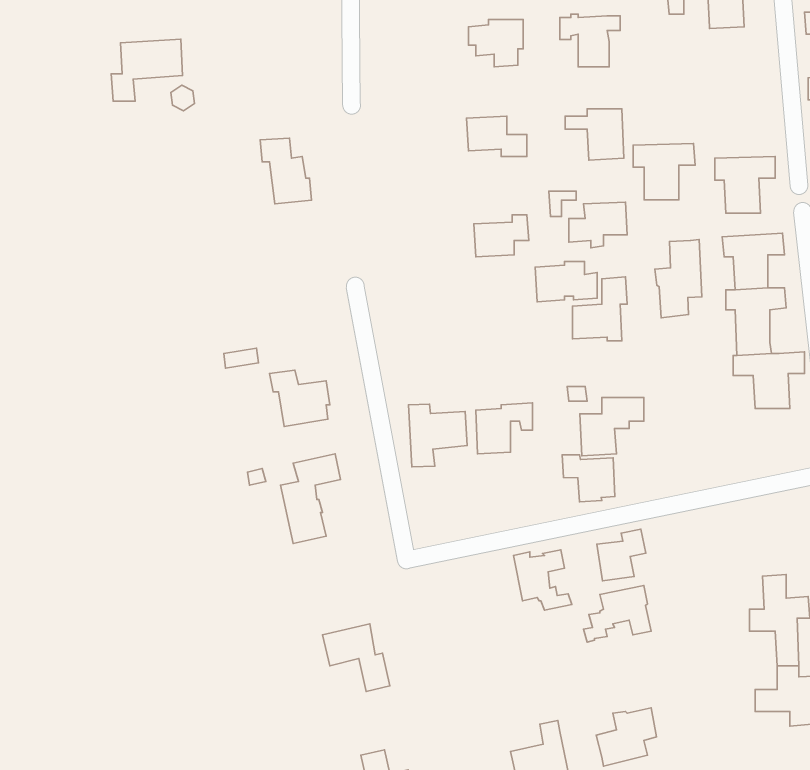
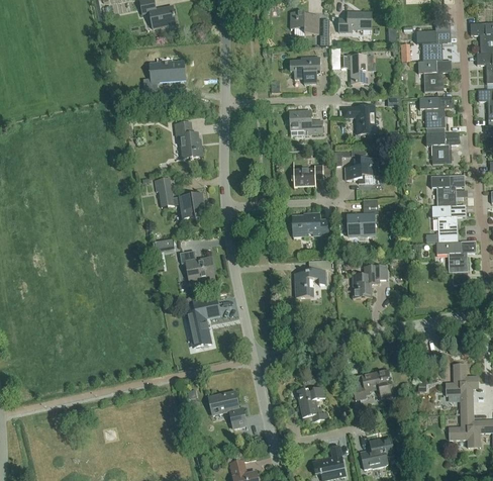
building: none -> [418,60,452,91]
building: [111,39,183,101] -> [145,60,185,94]
building: [633,143,695,200] -> [419,96,454,127]
building: none -> [155,178,204,219]
building: [655,240,702,318] -> none
building: [535,262,597,302] -> [292,213,326,235]
building: [408,404,467,467] -> none
building: [562,455,615,502] -> none
building: [597,529,646,581] -> none
building: [513,550,572,610] -> [297,388,329,421]

